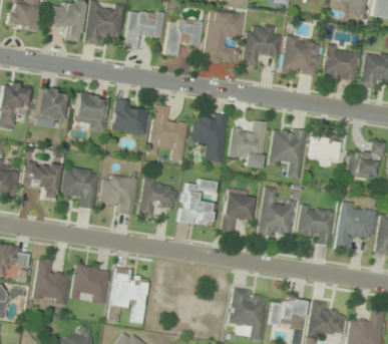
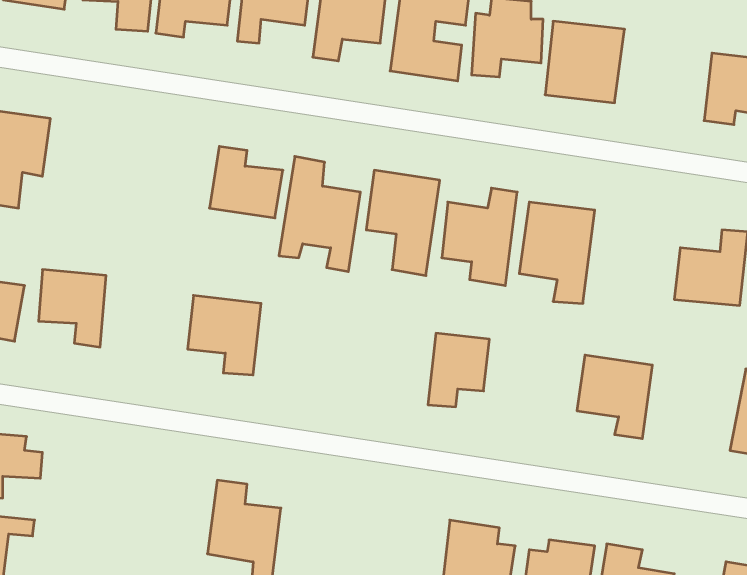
building: [323,47,358,80] -> none
building: [36,87,66,123] -> none
building: [74,94,109,131] -> none
building: [309,136,337,166] -> none
building: [61,166,99,209] -> none
building: [137,179,177,218] -> none
building: [178,179,216,227] -> none
building: [257,187,294,239] -> none
building: [335,203,376,251] -> none
building: [33,259,68,304] -> none
building: [70,265,109,304] -> none

